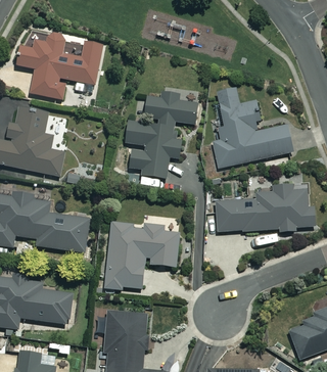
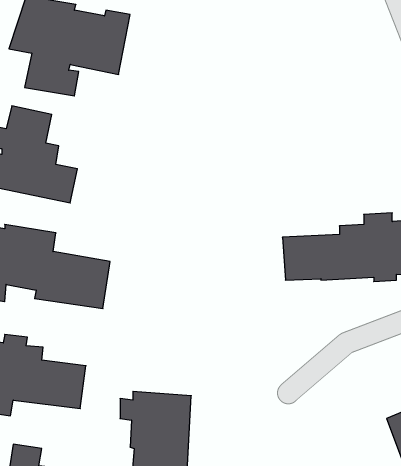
building: [211,88,292,169] -> none
building: [125,92,196,178] -> none
building: [104,221,179,289] -> none

